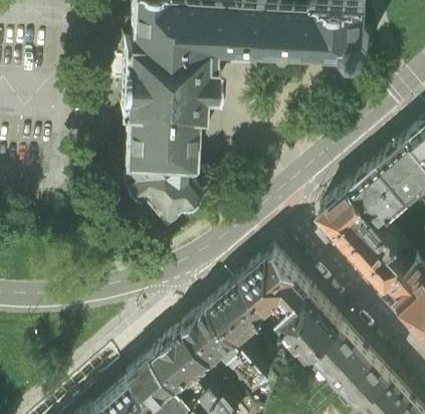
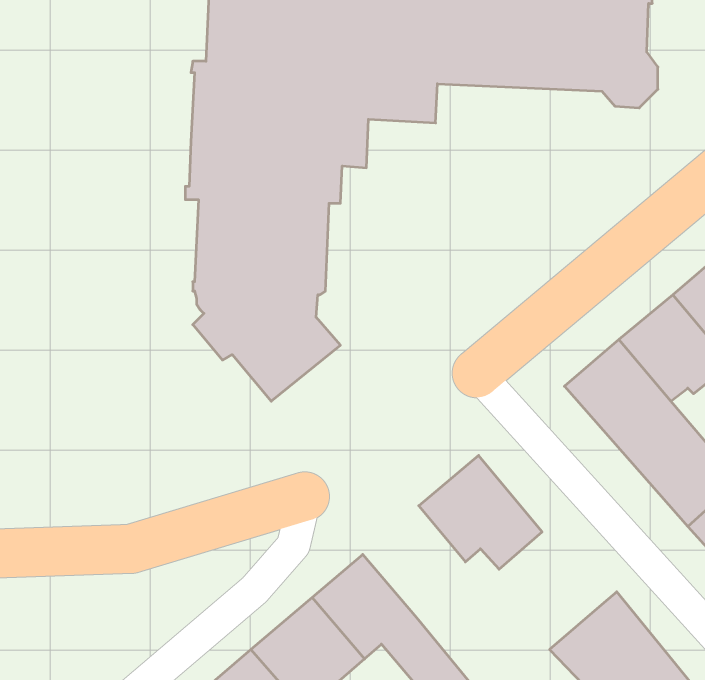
building: [214,281,269,342] -> none
building: [281,295,344,362] -> none

